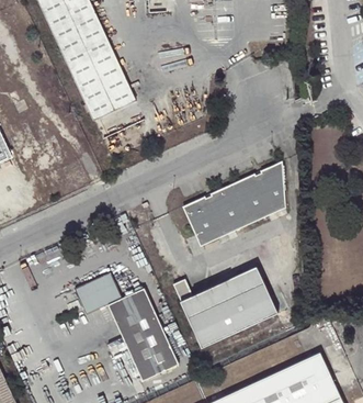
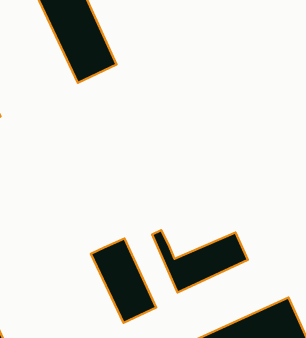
building: [181,164,285,248] -> none
building: [191,266,263,311] -> none
building: [73,273,122,315] -> none

